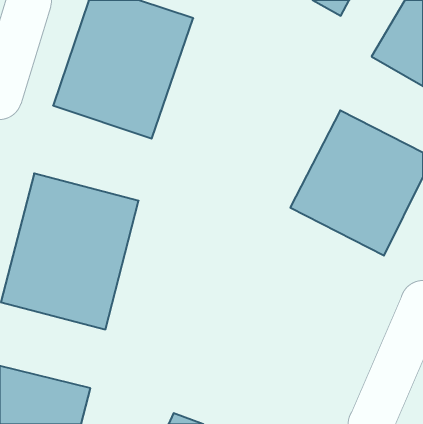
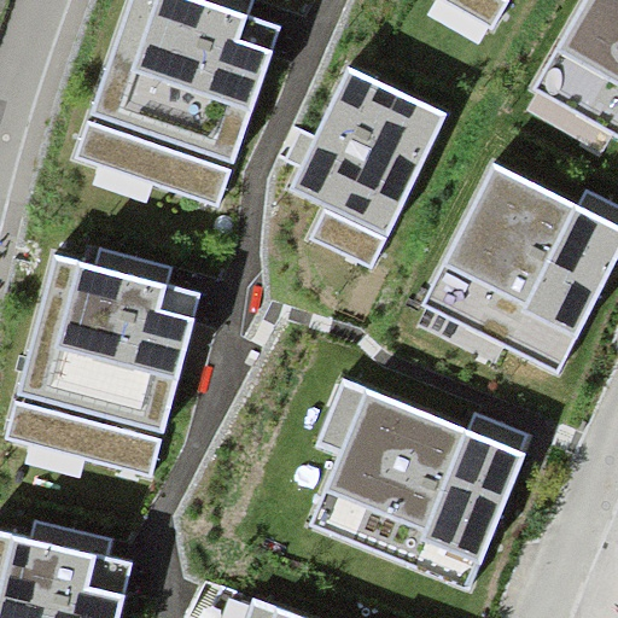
building: none -> [286,66,449,273]
building: none -> [315,378,526,589]

